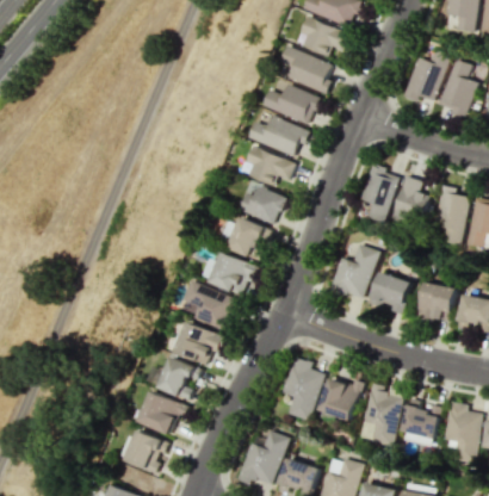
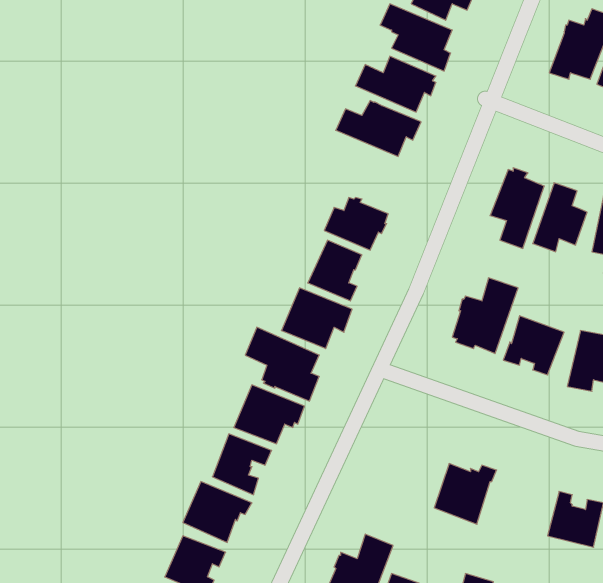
building: [244,145,295,186] -> none
building: [281,358,324,422] -> none
building: [361,384,402,447] -> none

